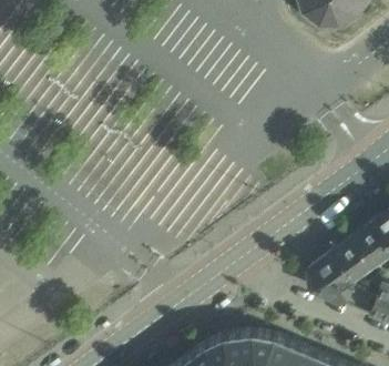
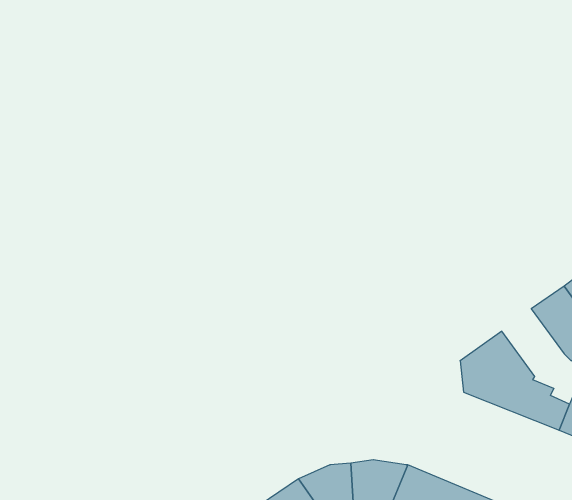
building: [335,235,375,278] -> none

